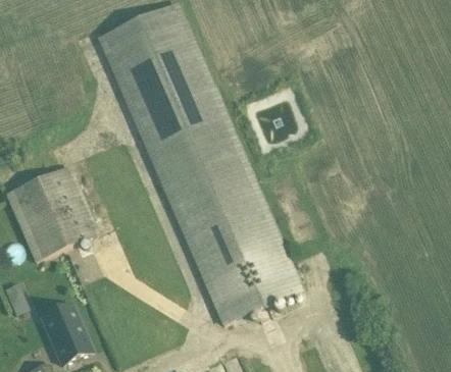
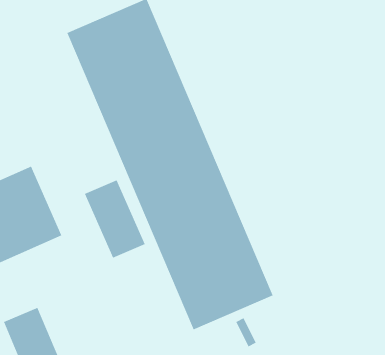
building: none -> [84,179,145,259]

